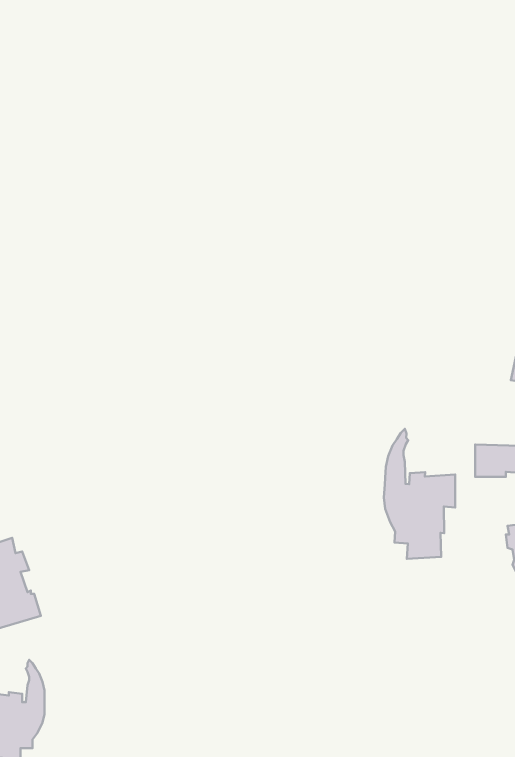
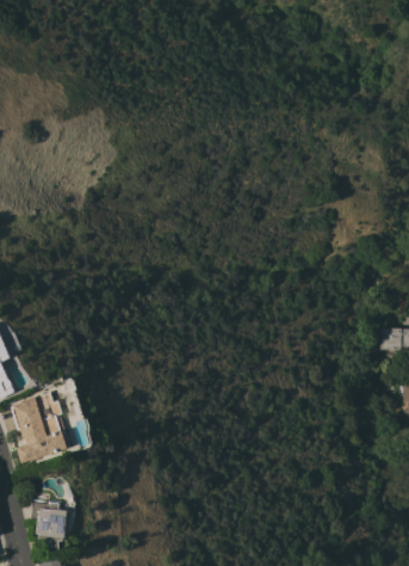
building: [384,429,455,559] -> none

